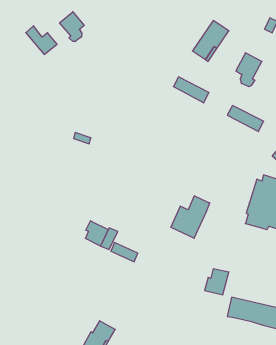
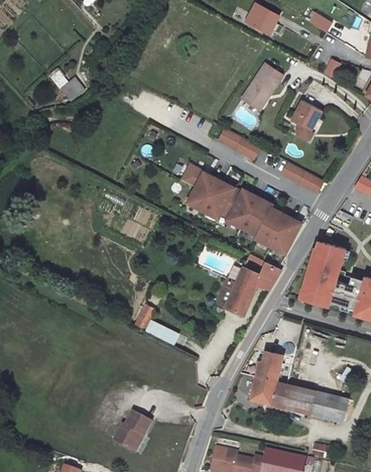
building: [60,12,84,42] -> none
building: none -> [187,171,300,254]
building: none -> [256,262,280,289]
building: [85,221,108,246] -> none
building: none -> [249,376,285,406]

